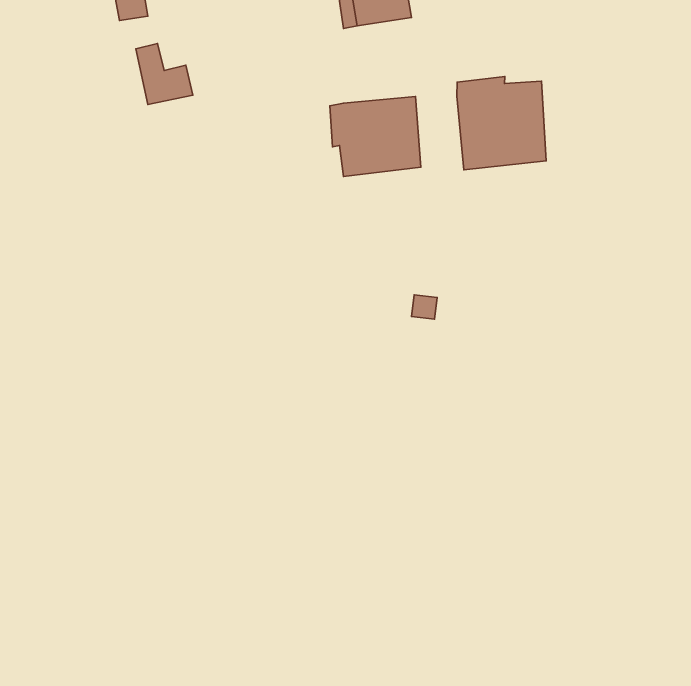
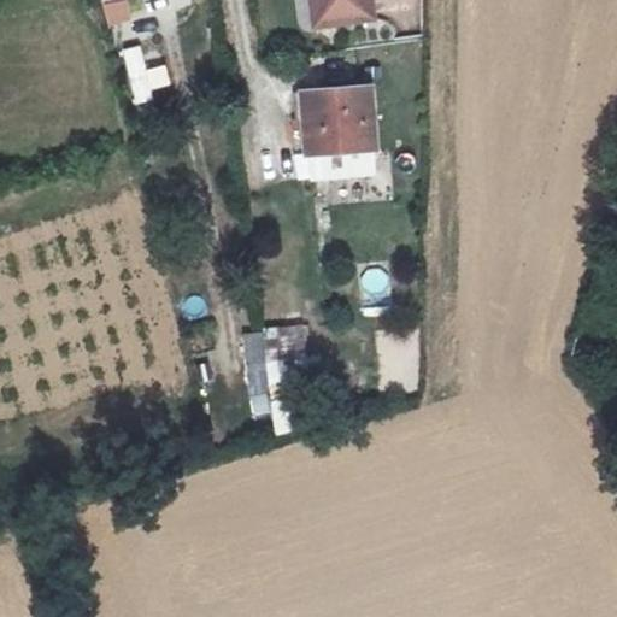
building: [457,76,546,170] -> none
building: none -> [263,341,302,407]

